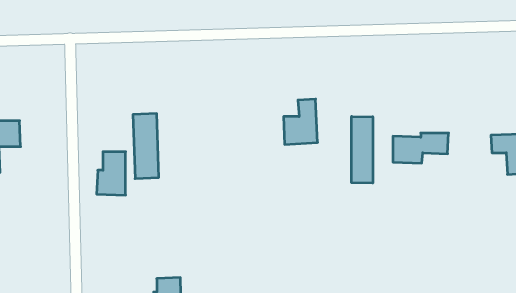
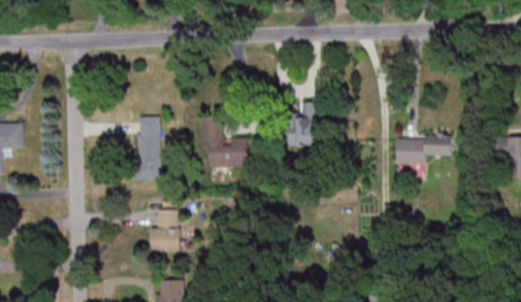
building: none -> [202,115,250,167]
building: [352,116,373,183] -> none
building: [97,152,126,195] -> [151,209,180,253]

